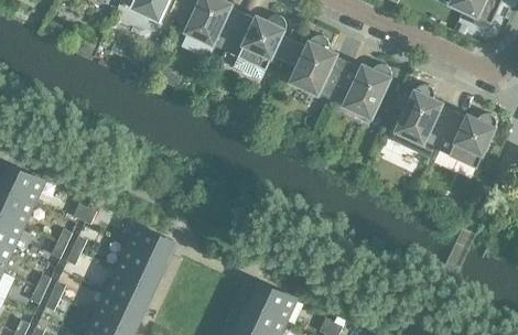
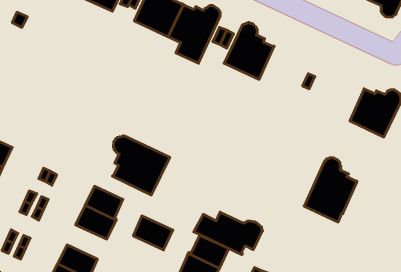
building: [331,62,391,119] -> none
building: [391,84,453,159] -> [304,158,357,222]
building: none -> [112,136,170,195]
building: none -> [194,212,263,255]
building: [107,270,153,310] -> [133,216,173,250]

